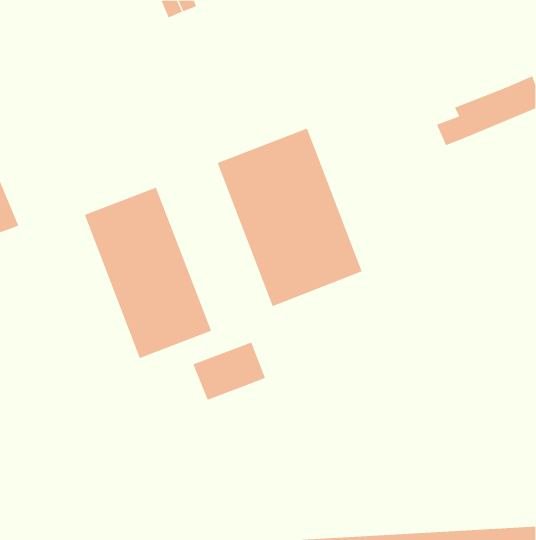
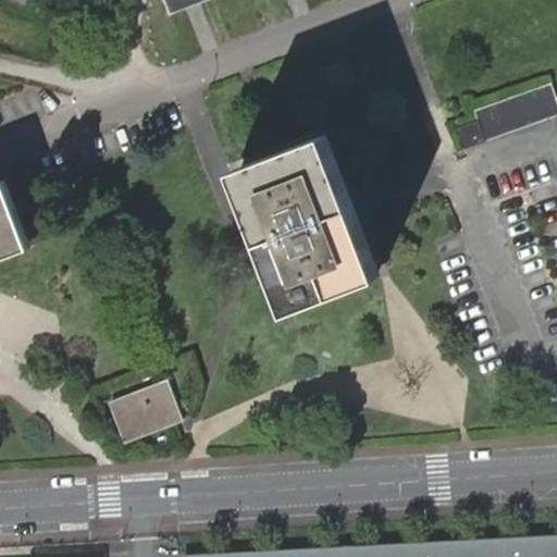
building: [84,187,212,359] -> none
building: [192,342,266,400] -> [99,384,174,444]

